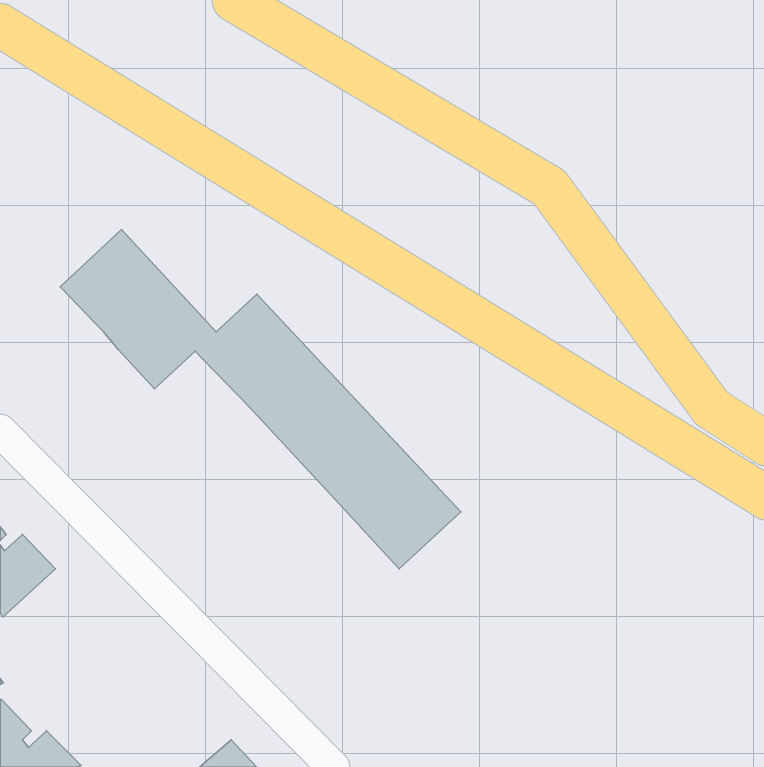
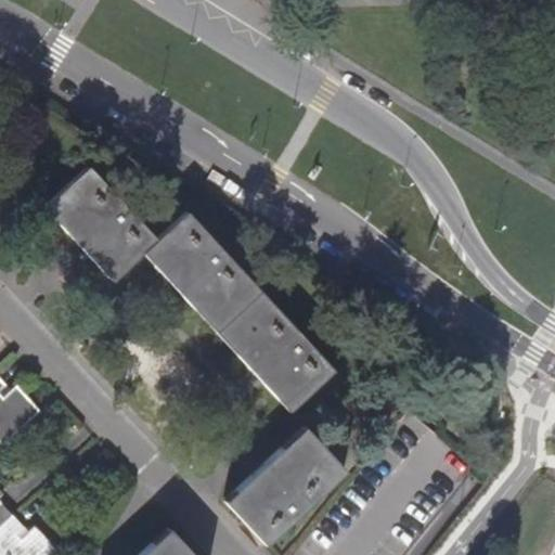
building: none -> [225,426,347,545]

